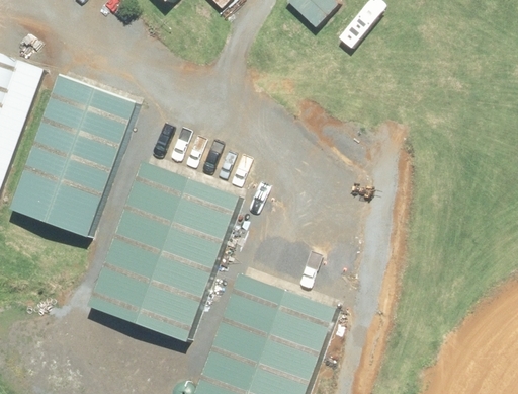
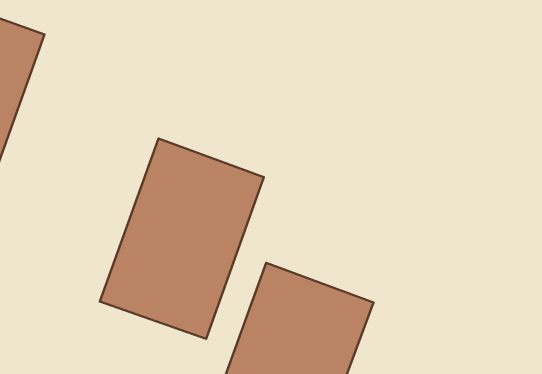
building: [9,78,134,236] -> none

